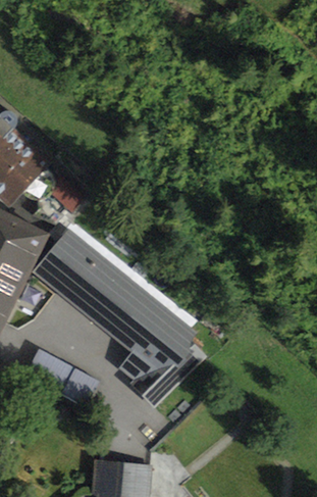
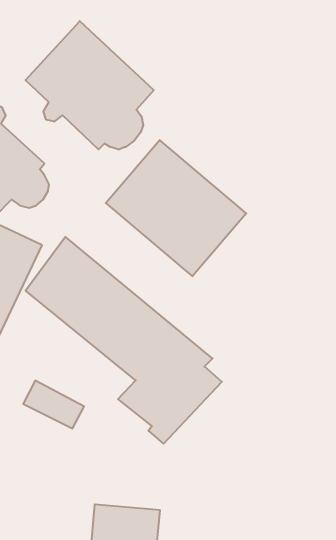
building: none -> [25,21,154,150]
building: none -> [106,140,246,276]

